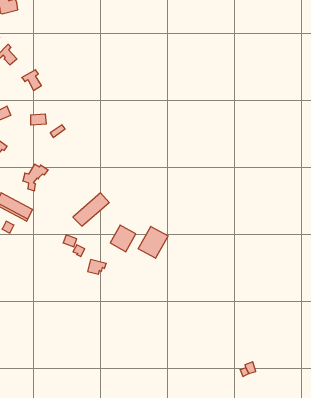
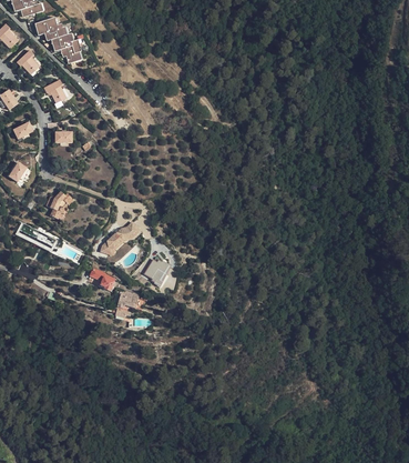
building: none -> [33,19,80,64]
building: [138,226,168,258] -> none

